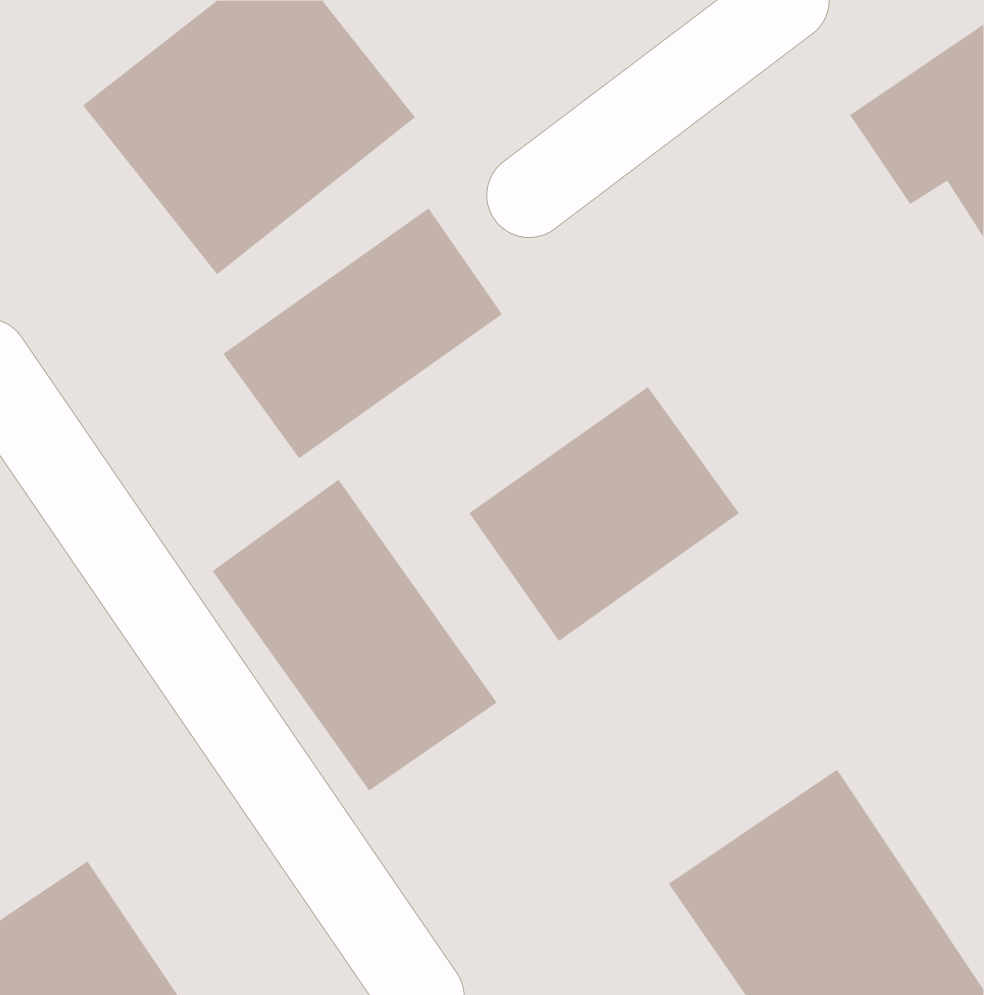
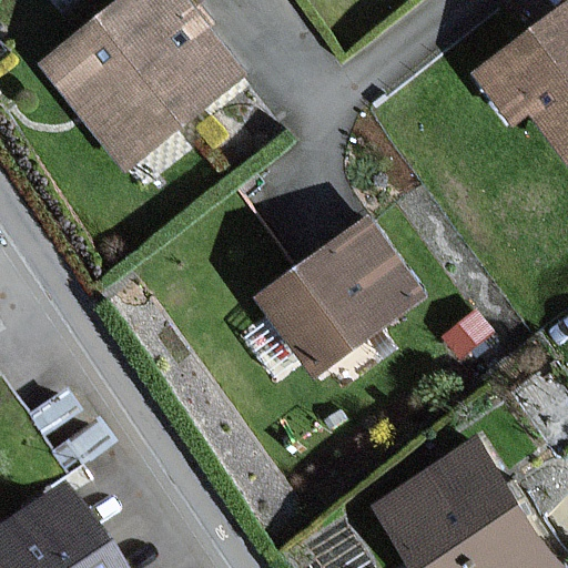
building: [222,207,503,459] -> none
building: [212,479,498,792] -> none

